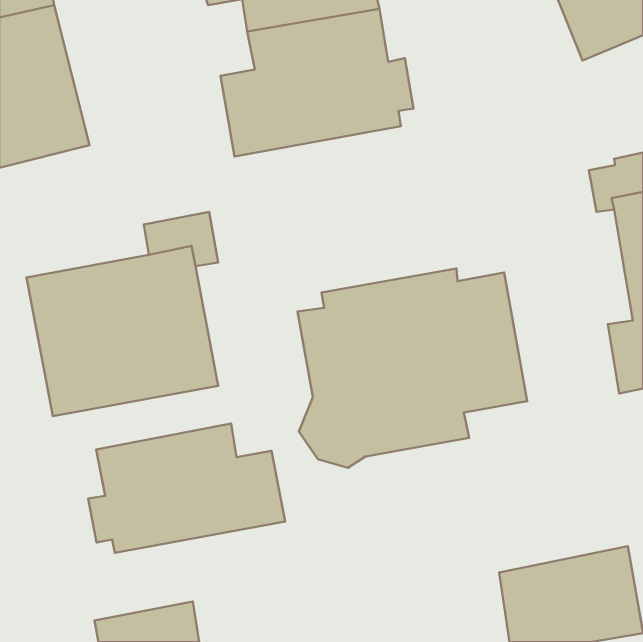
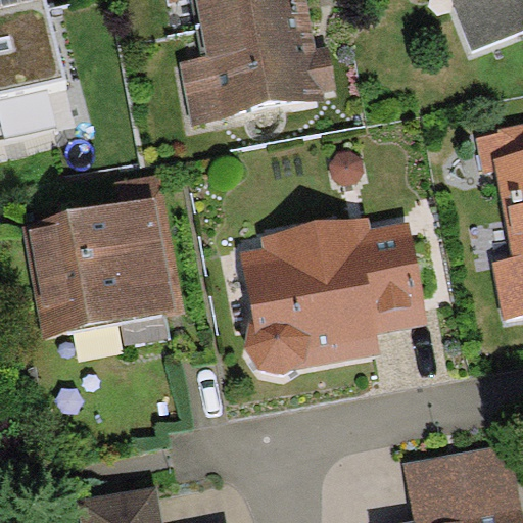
building: [88,424,285,553] -> none

